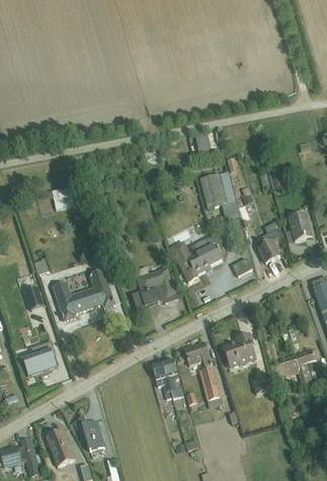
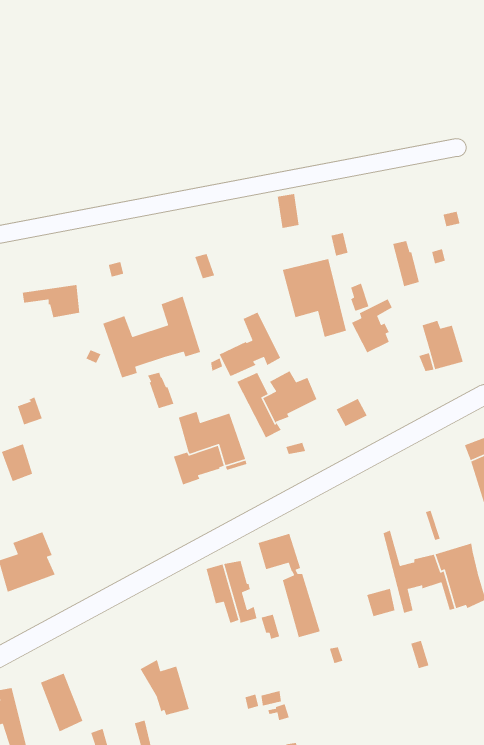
building: none -> [218,311,281,377]
building: [255,228,281,262] -> [351,298,393,353]
building: [52,268,113,320] -> [102,296,201,378]
building: [222,332,256,369] -> none
building: [73,415,104,451] -> [140,659,190,716]

